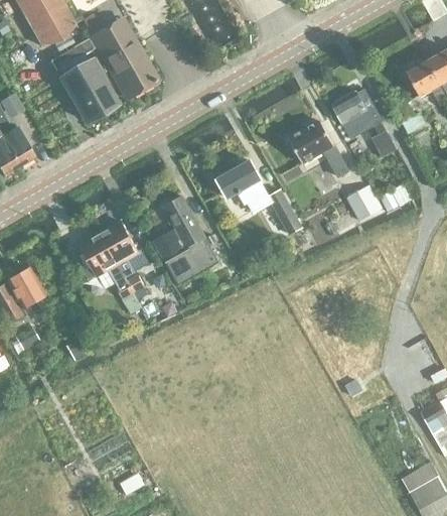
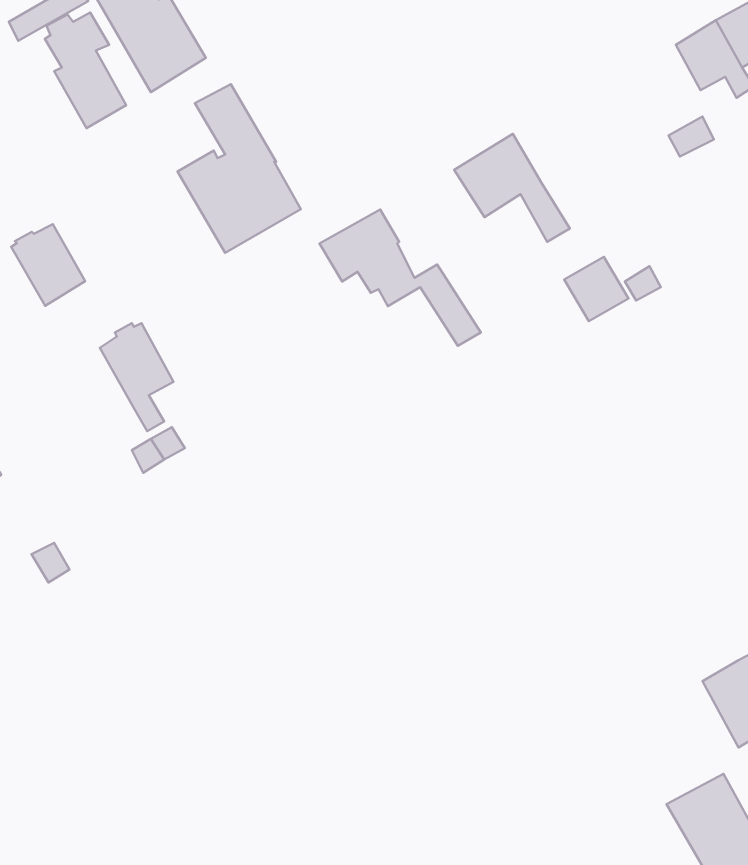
building: [332,89,393,151] -> none
building: [154,196,219,285] -> [178,84,301,253]
building: [79,235,118,278] -> [11,224,85,306]

